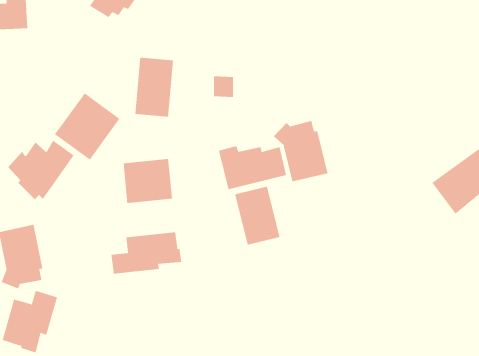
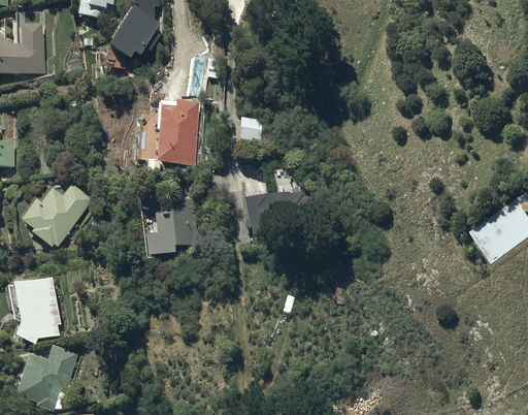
building: [54,93,120,160] -> none
building: [273,120,328,182] -> none
building: [235,186,280,246] -> none
building: [111,232,182,274] -> none

